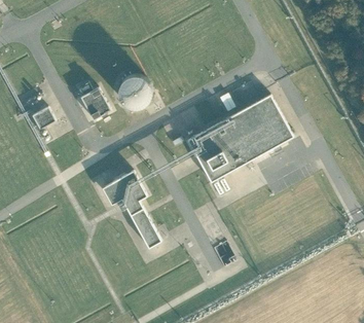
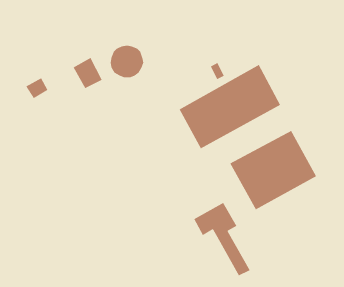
building: none -> [229,130,317,210]
building: [99,170,157,246] -> [193,202,251,276]

